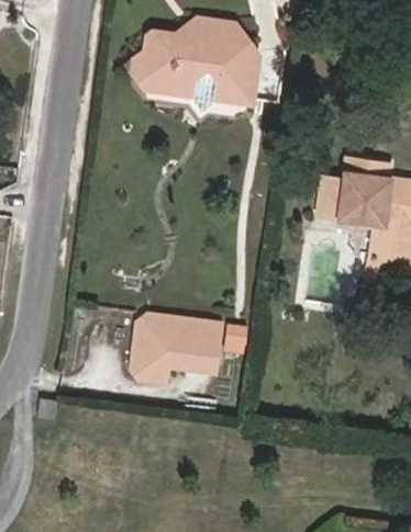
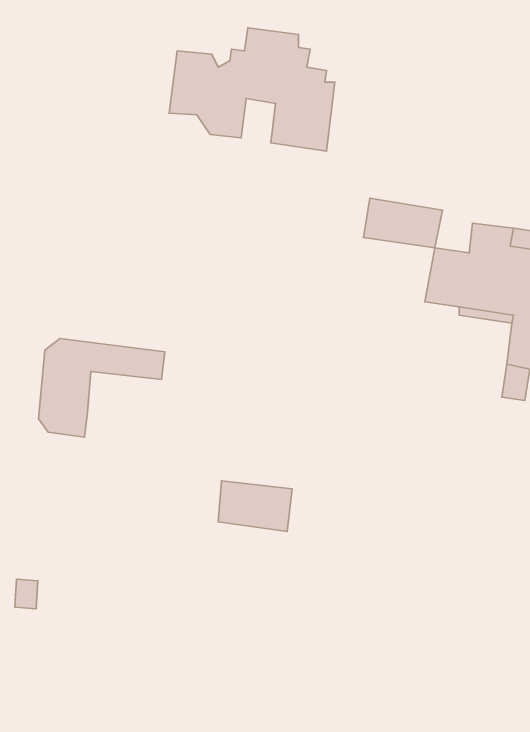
building: none -> [363,198,443,248]
building: [145,310,230,376] -> [38,339,165,437]

